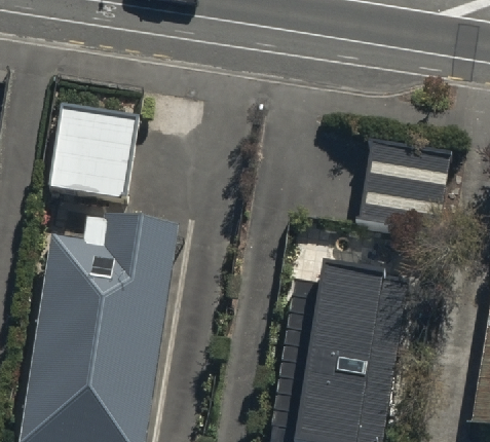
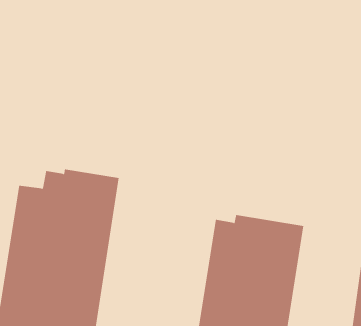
building: [50,111,136,204] -> none
building: [355,144,451,237] -> none

